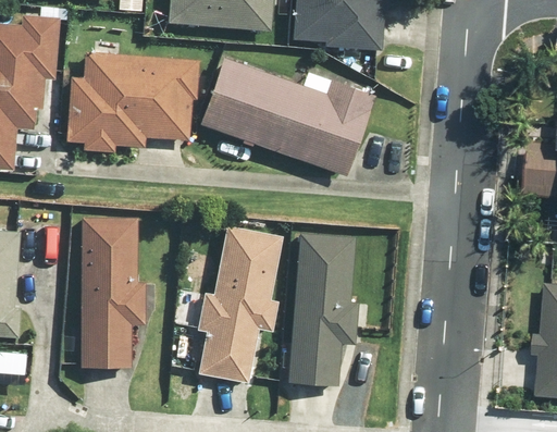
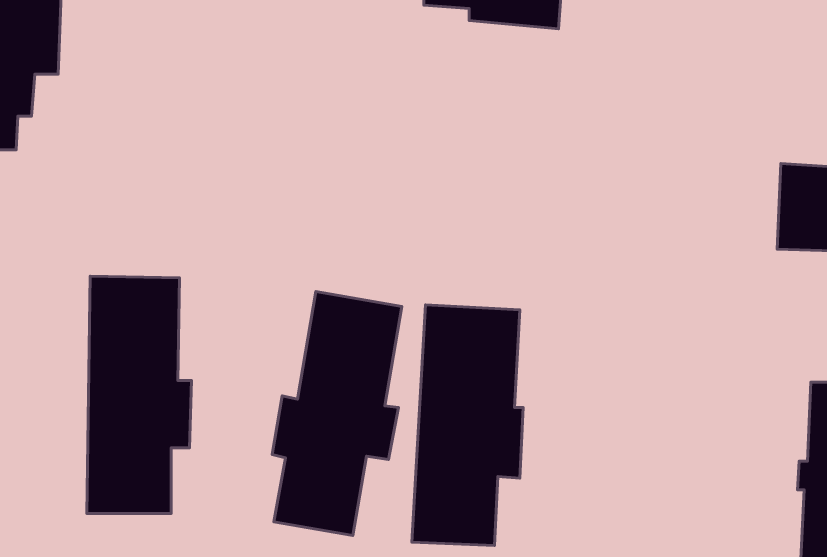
building: [65,52,201,158] -> none
building: [199,59,374,174] -> none

